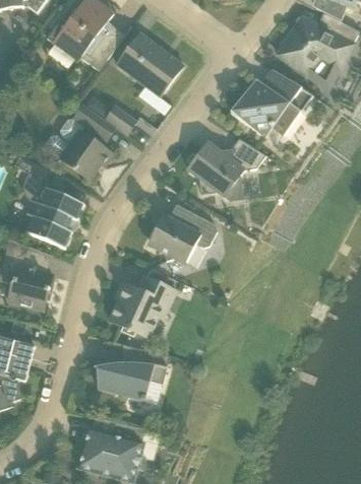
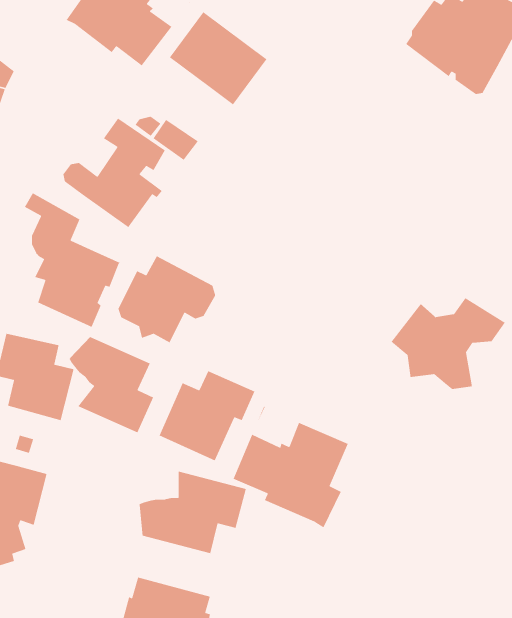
building: [230,68,311,137] -> none
building: [187,137,265,200] -> [390,297,506,390]
building: [149,203,217,263] -> [117,255,216,343]
building: none -> [67,336,154,433]
building: none -> [233,406,349,529]

